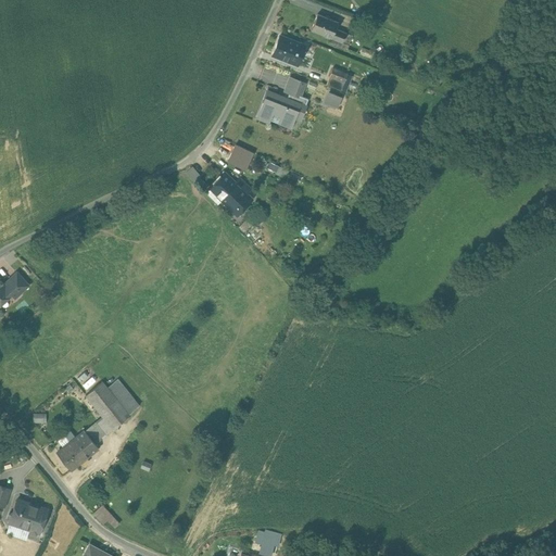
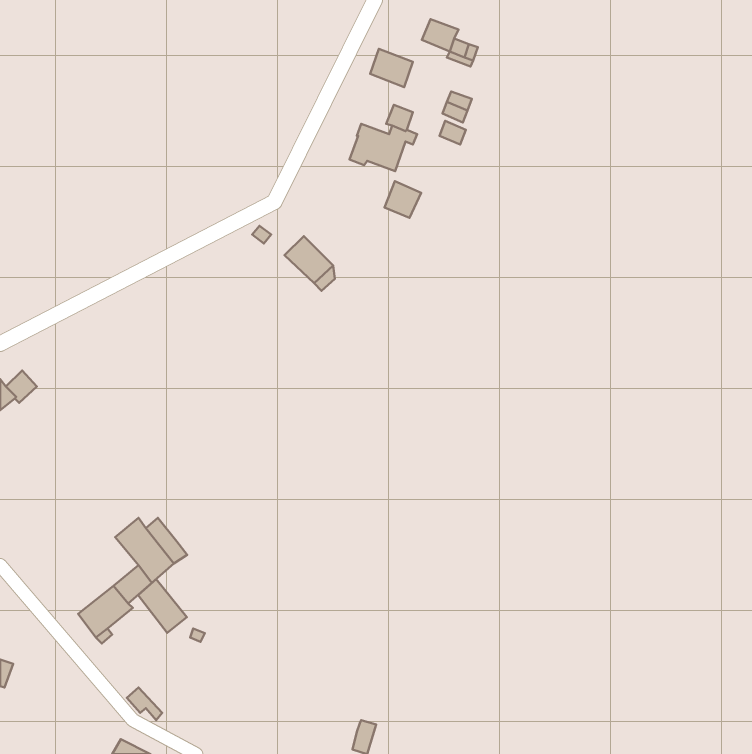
building: [229,142,256,169] -> [384,181,421,218]
building: none -> [138,579,187,633]
building: [9,500,49,534] -> none

